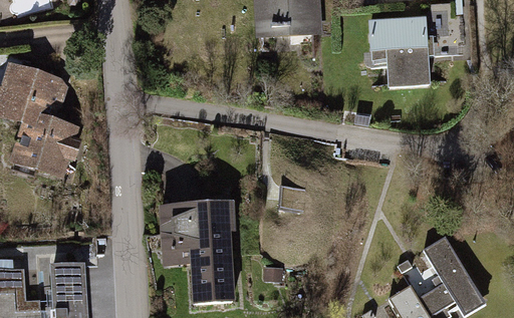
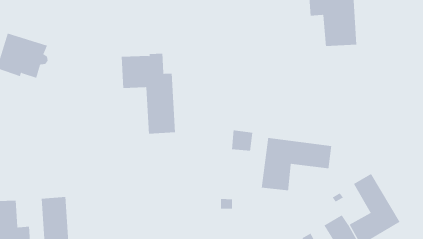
building: [16,114,77,173] -> none
building: none -> [261,137,332,191]
building: [164,205,229,301] -> [121,53,176,134]

